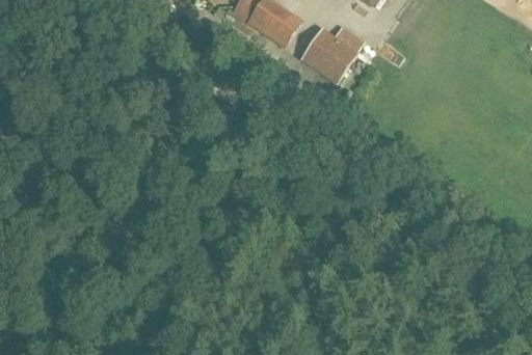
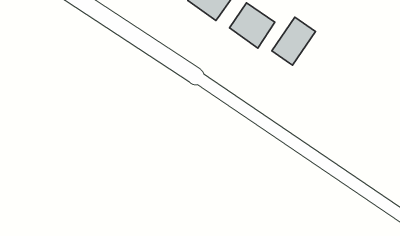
building: none -> [272,17,315,65]

